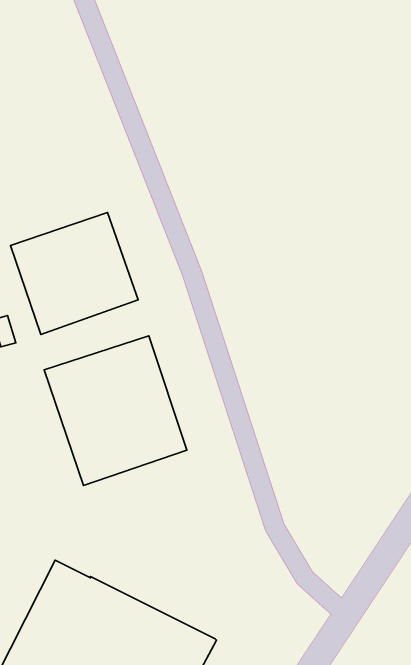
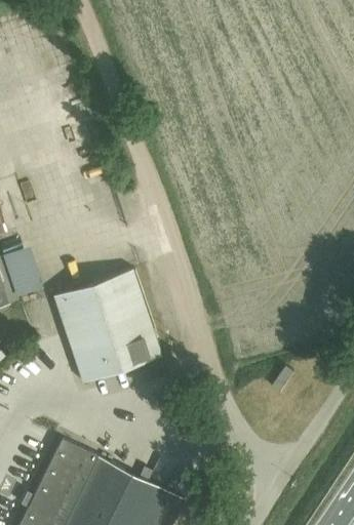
building: [11,212,138,334] -> none

